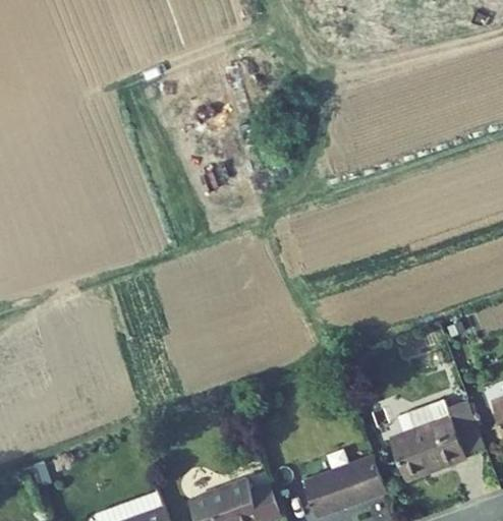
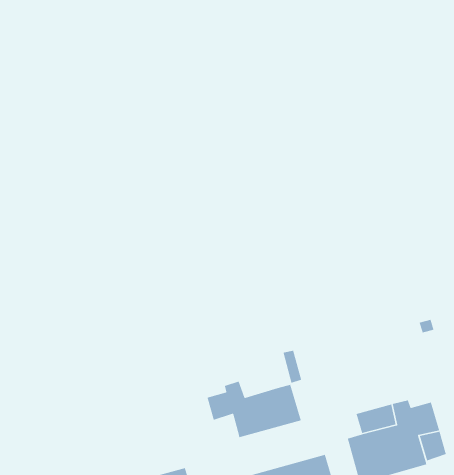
building: none -> [207,380,302,438]

